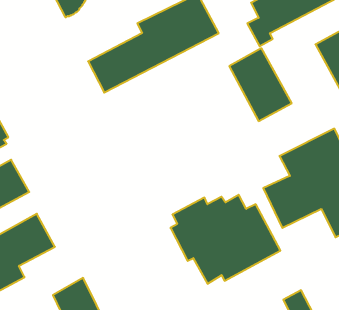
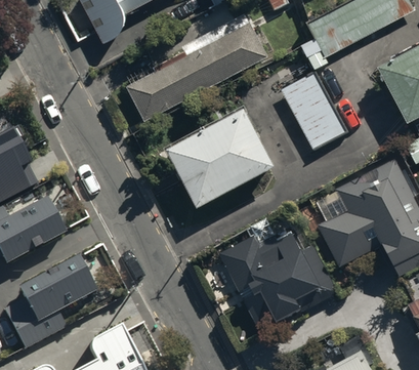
building: none -> [168,114,277,208]

